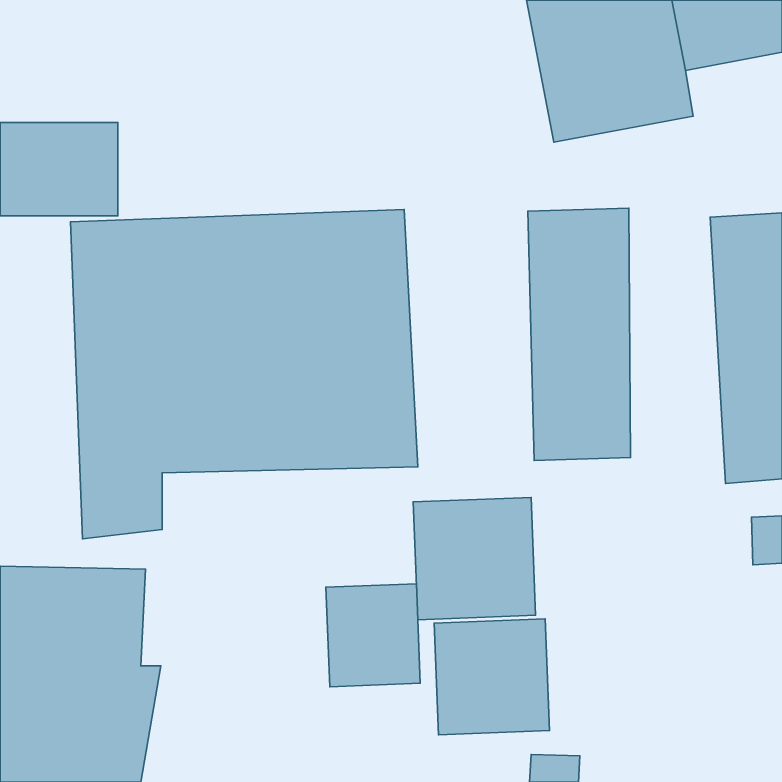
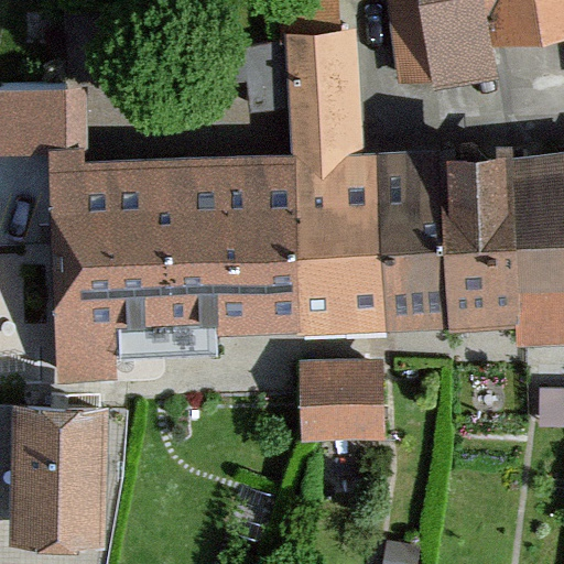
building: none -> [288,32,384,336]
building: none -> [453,149,521,329]
building: [326,584,420,687] -> none
building: [434,619,550,735] -> none

